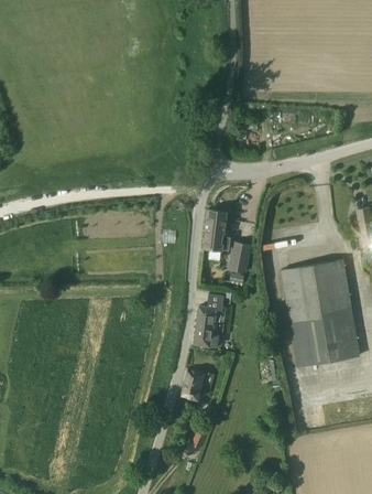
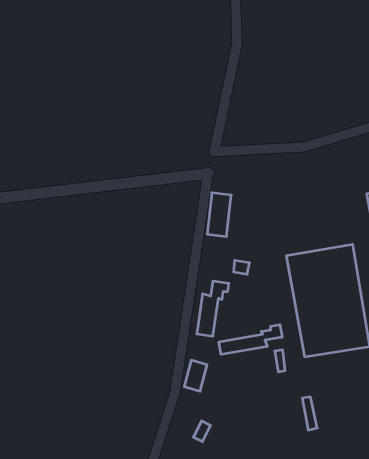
building: [229,241,253,273] -> none
building: none -> [219,325,282,354]

